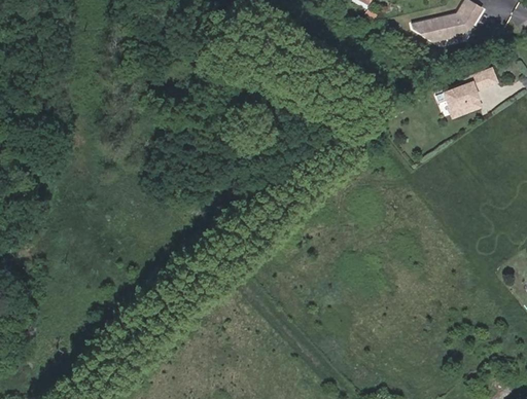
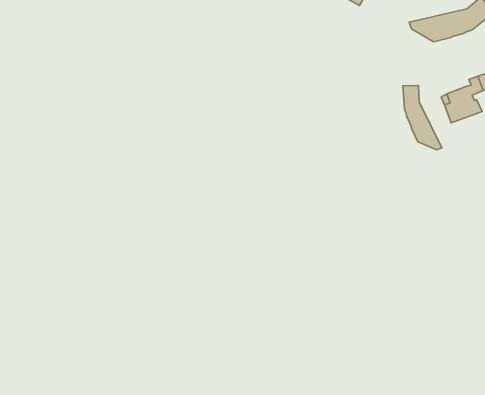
building: none -> [403,86,442,150]

